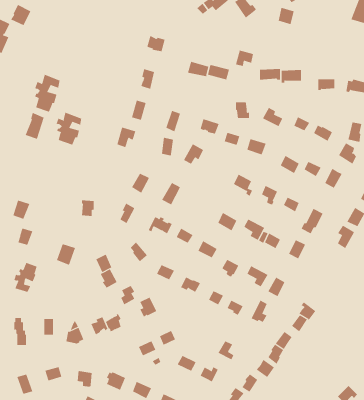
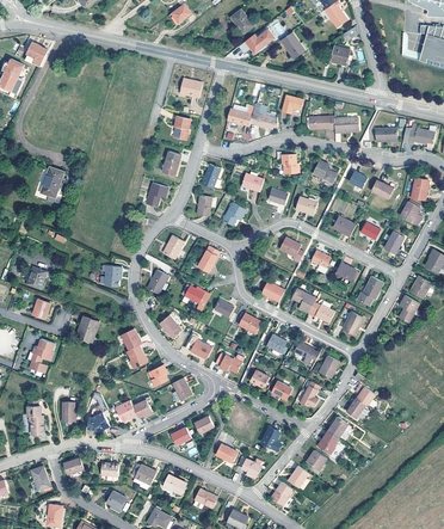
building: [34,74,60,112] -> none
building: [56,112,82,145] -> none

